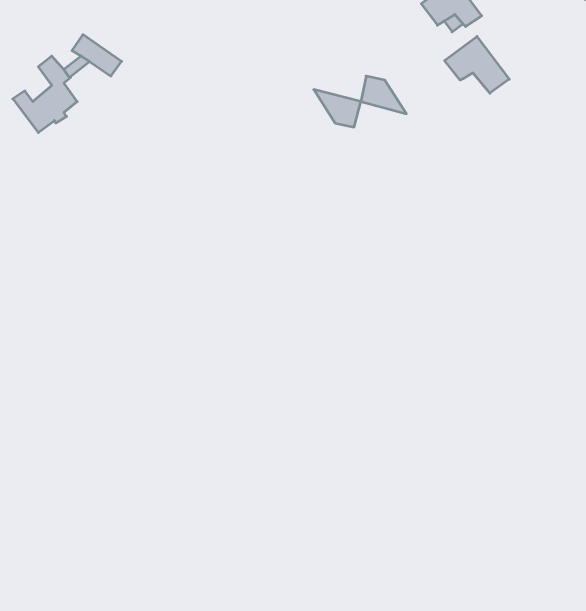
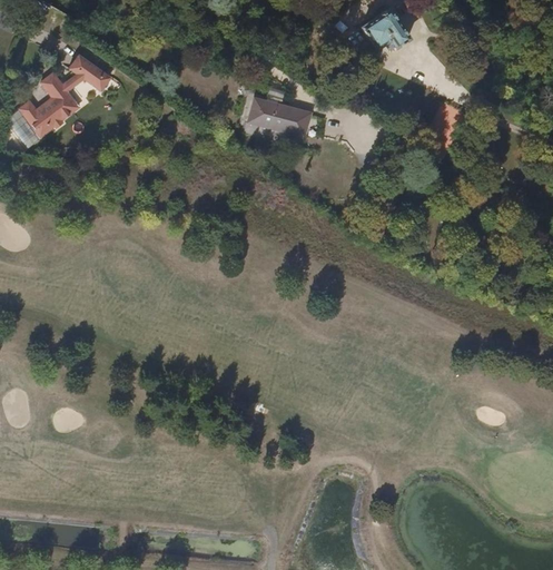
building: [445,36,509,93] -> none
building: [361,76,406,114] -> [249,97,287,128]

